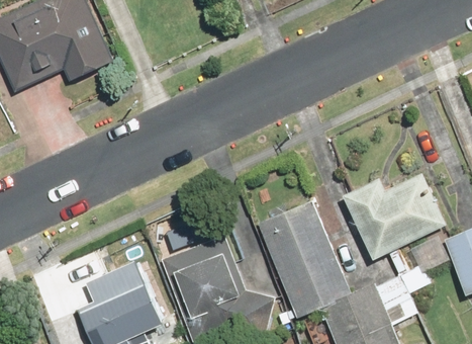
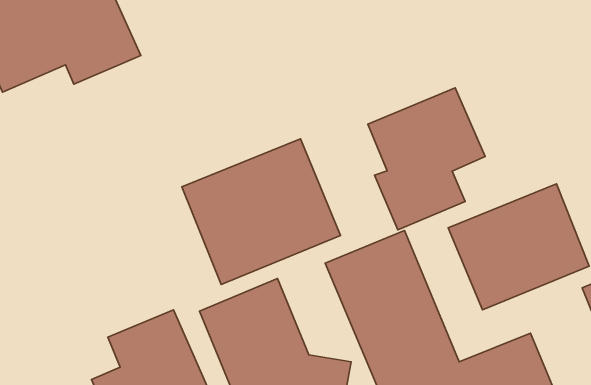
building: none -> [368,88,485,230]
building: none -> [182,139,341,285]

